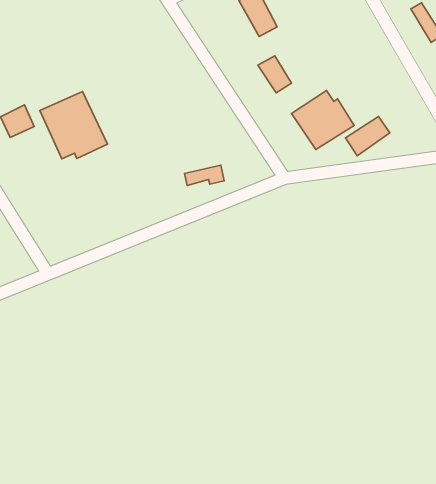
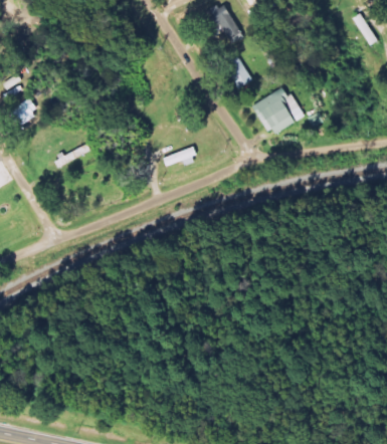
building: [40,92,107,159] -> none
building: [345,116,390,156] -> none

